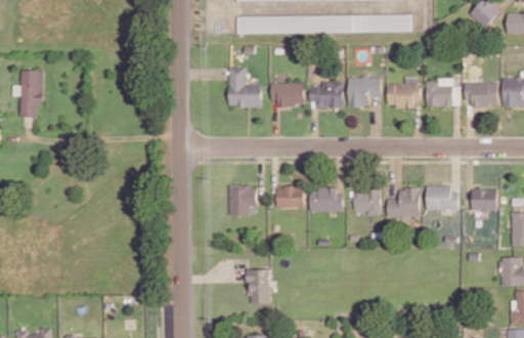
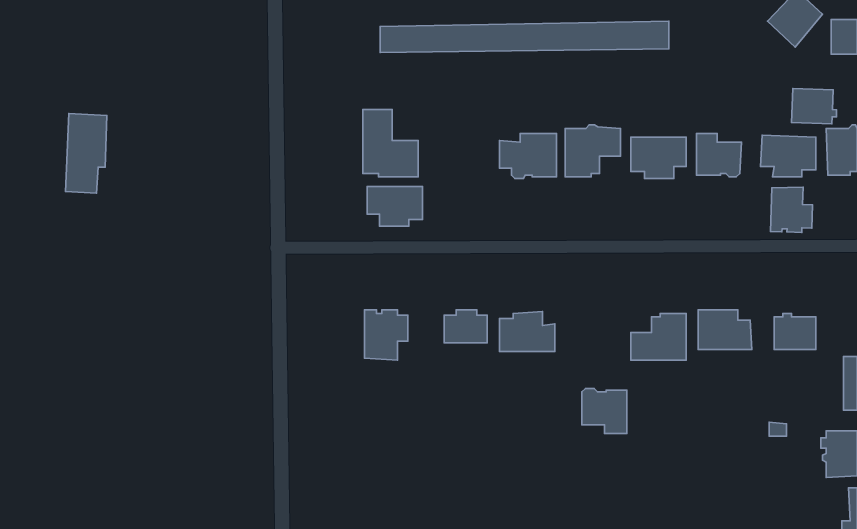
building: none -> [792,89,837,124]
building: [18,70,43,117] -> [65,114,107,193]
building: [271,83,304,107] -> [367,187,423,226]
building: none -> [770,187,812,232]
building: [353,187,380,214] -> [582,389,627,433]
building: [246,268,270,302] -> none

